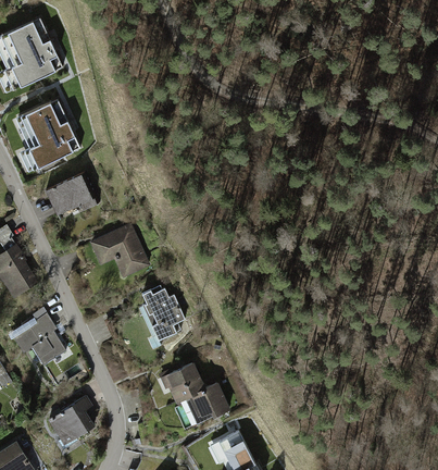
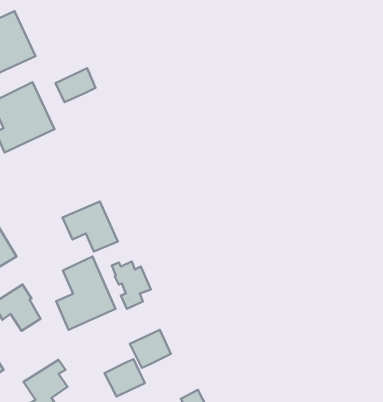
building: none -> [55,68,96,102]
building: [46,172,99,214] -> none
building: none -> [56,256,115,330]
building: [185,384,228,424] -> [105,359,145,396]

